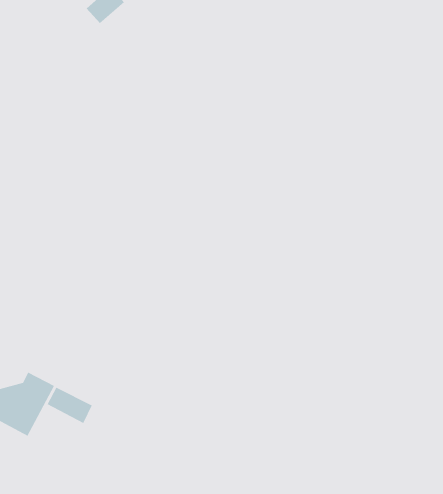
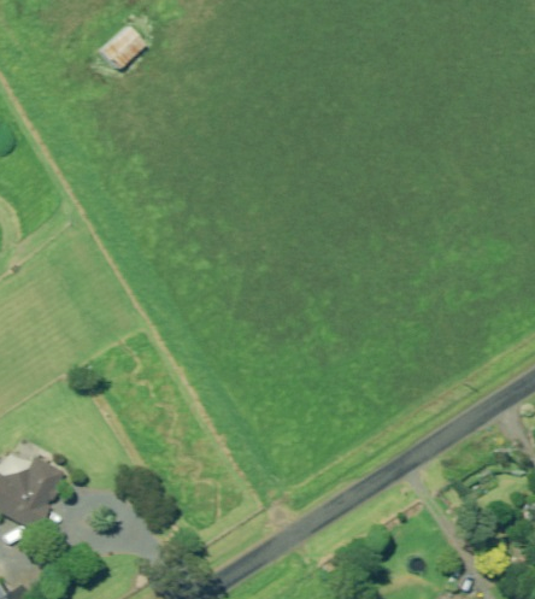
building: [47,387,93,424] -> none

